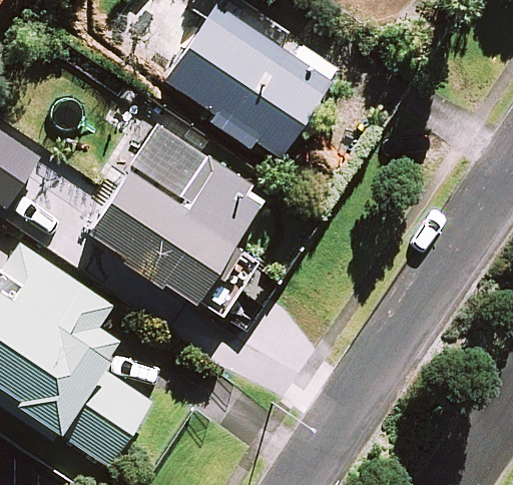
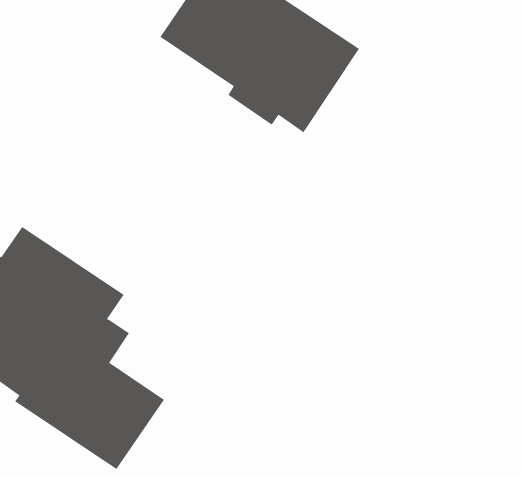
building: [89,124,262,303] -> none

